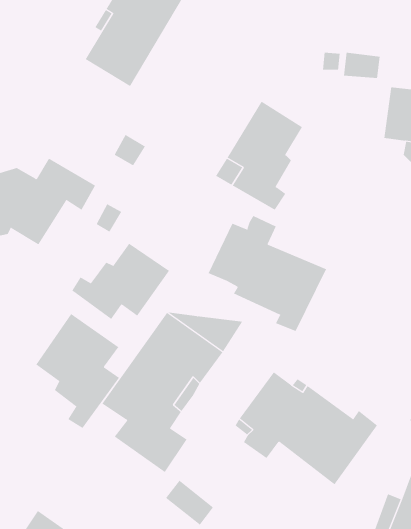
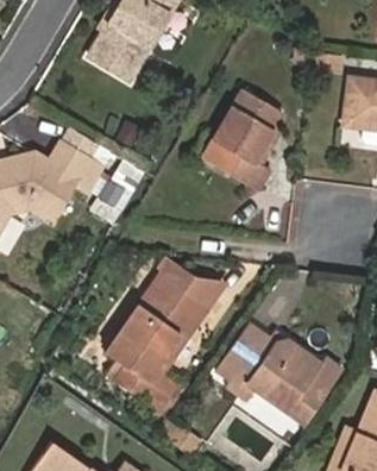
building: [208,215,327,332] -> none
building: [71,243,170,320] -> none
building: [35,313,120,429] -> none

